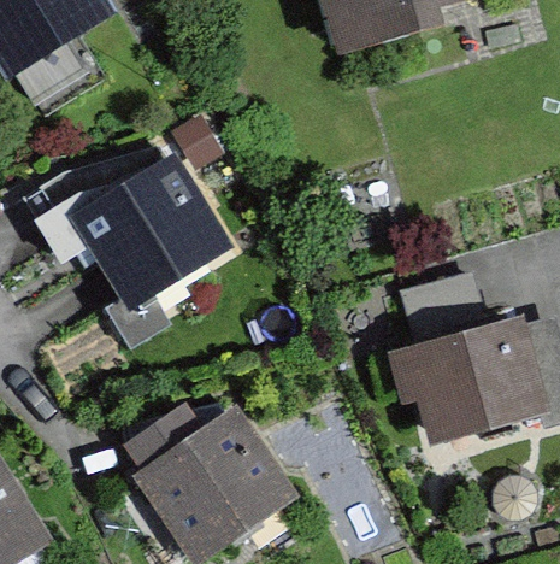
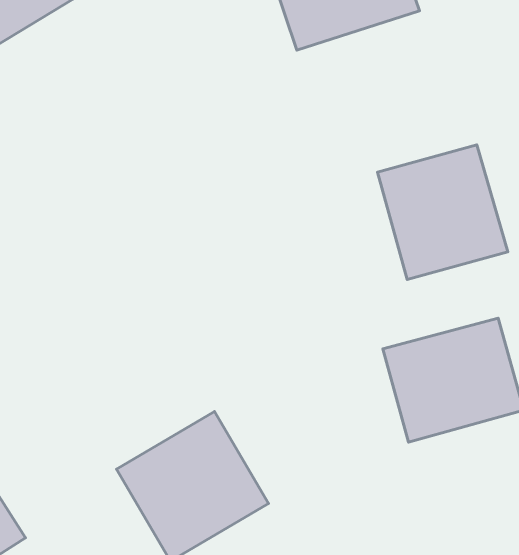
building: none -> [378,145,508,280]
building: [71,155,220,302] -> none

